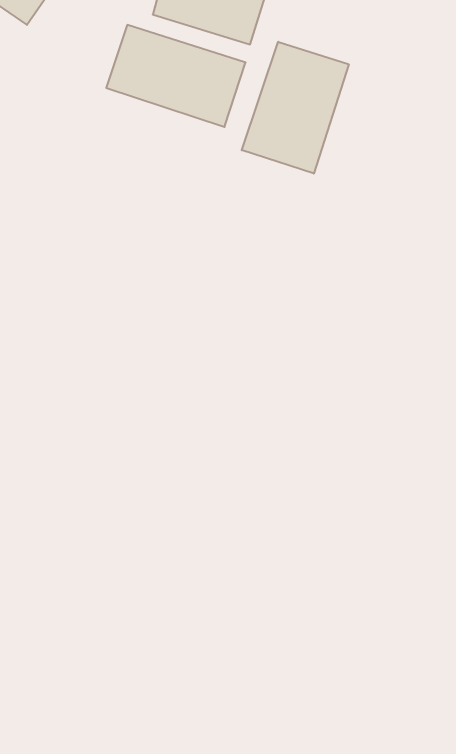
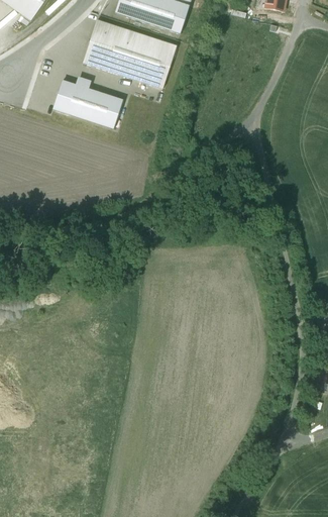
building: [242,42,349,174] -> none
building: none -> [52,76,122,127]

